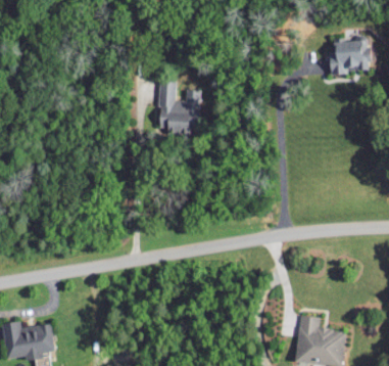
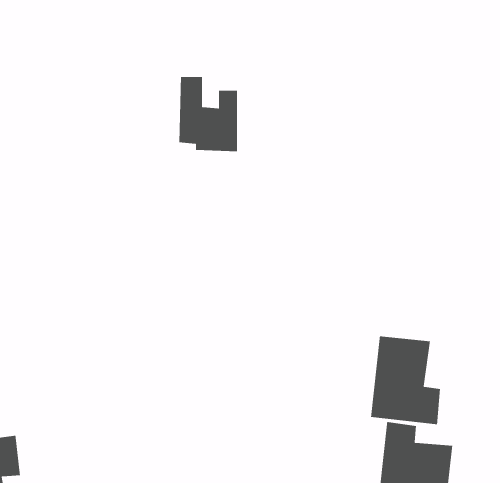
building: [330,40,369,76] -> none
building: none -> [370,335,441,425]

